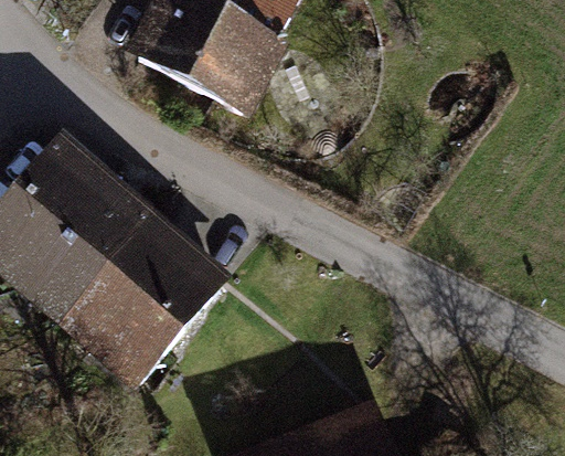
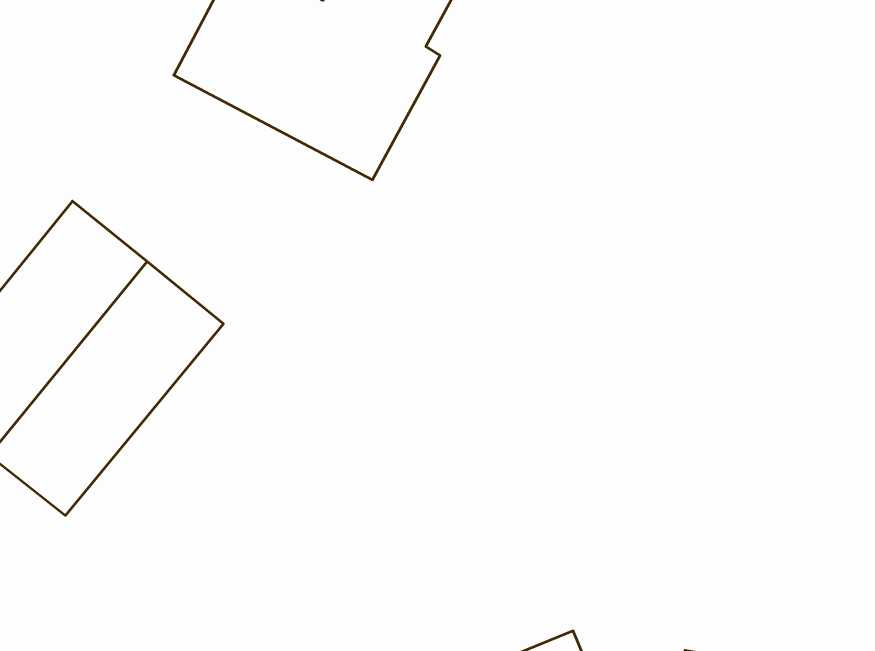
building: [55,210,233,394] -> none

